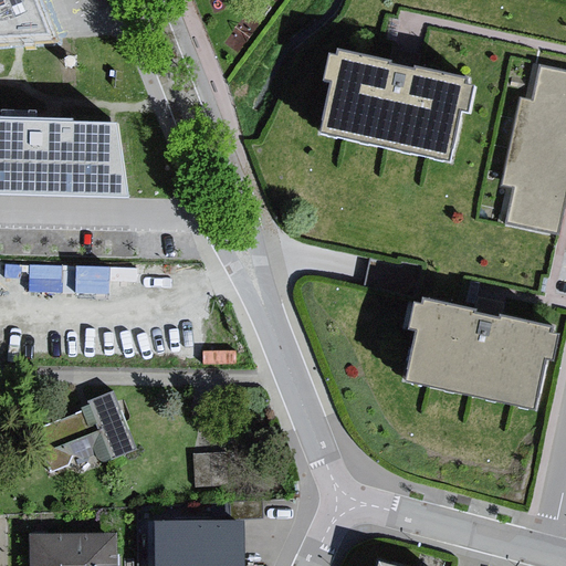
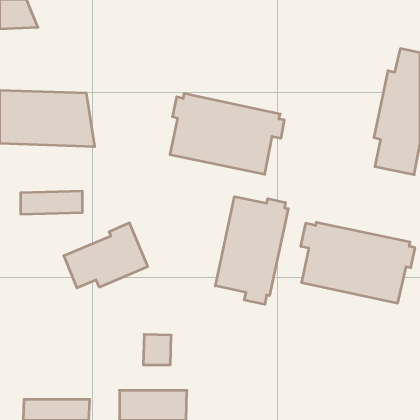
building: [321,49,474,157] -> [170,94,284,174]
building: none -> [215,197,288,304]
building: [28,390,140,478] -> [64,223,148,288]

